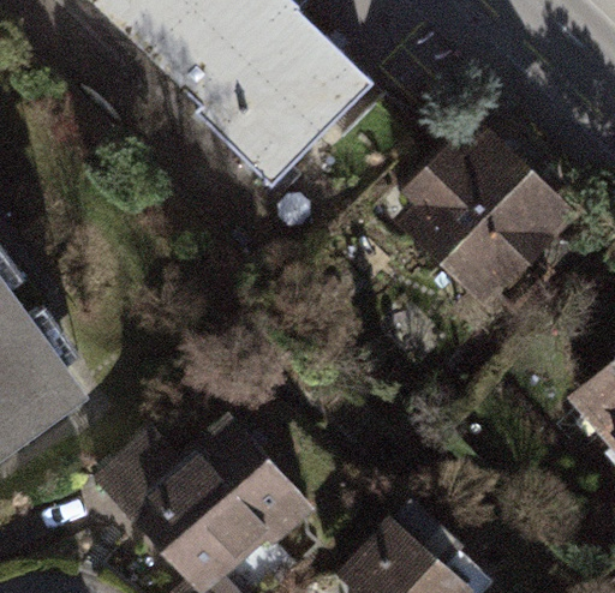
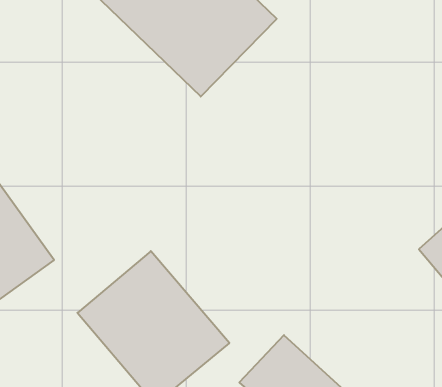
building: [389,122,585,318] -> none

